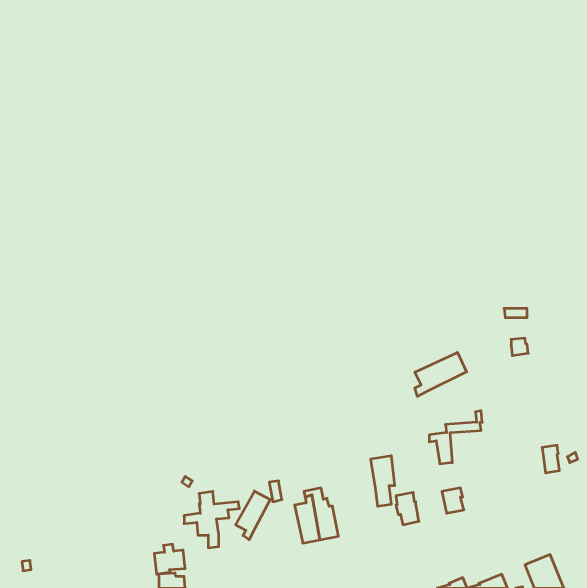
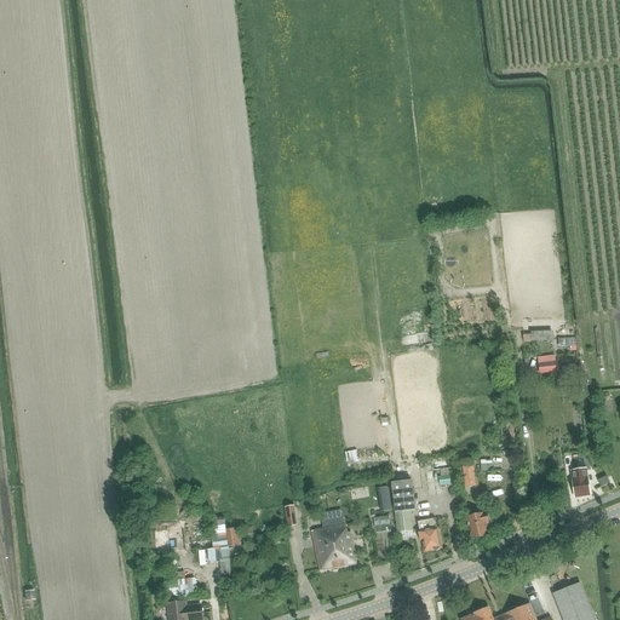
building: [415,352,467,396] -> none
building: [236,491,270,540] -> none

